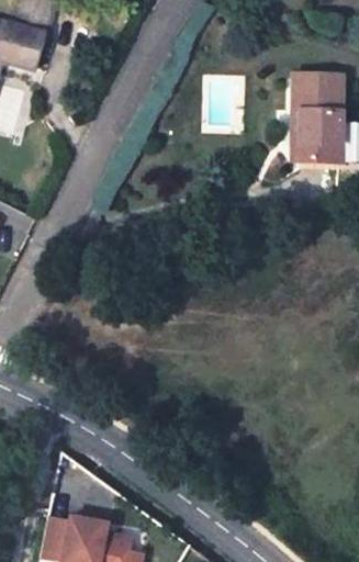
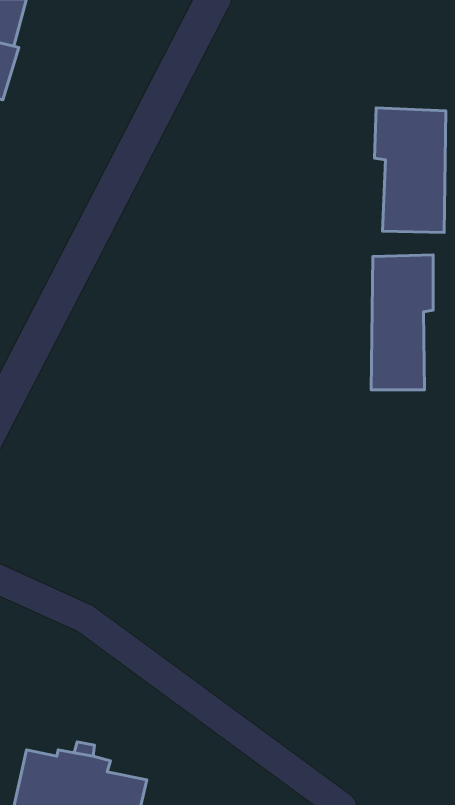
building: none -> [371,255,433,390]

